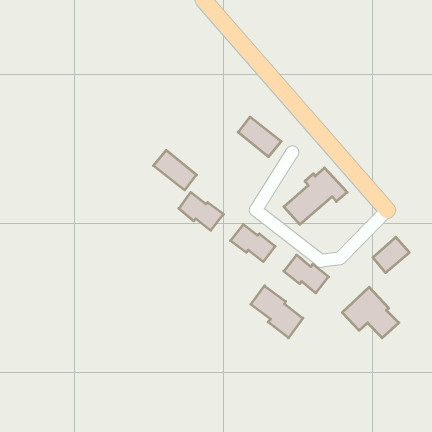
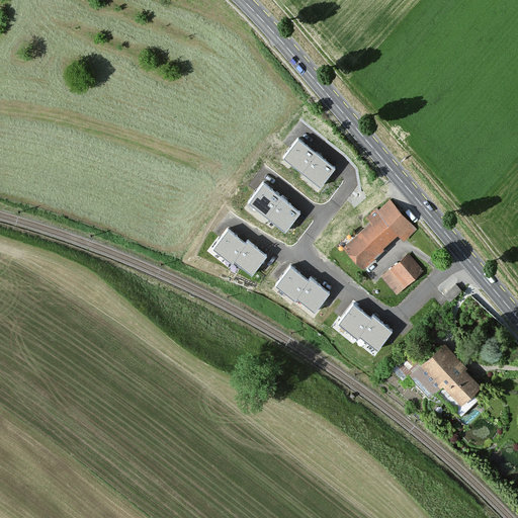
building: [153,150,197,190] -> [249,183,300,231]
building: [373,237,409,273] -> [379,253,423,295]
building: [251,286,303,338] -> none

